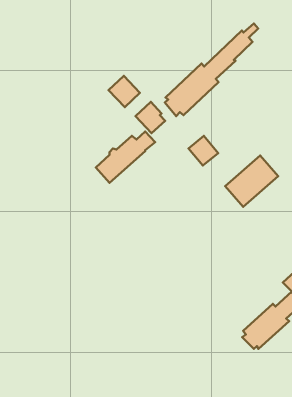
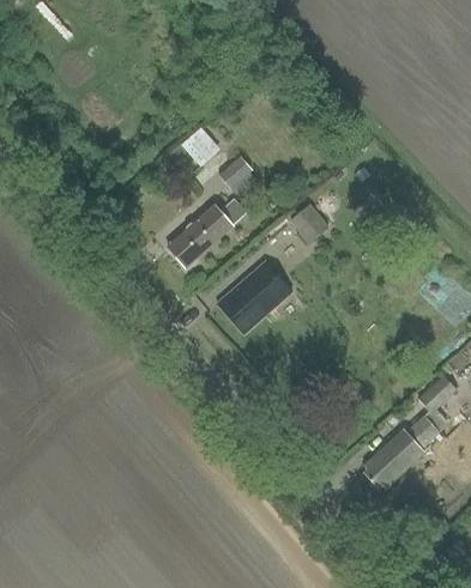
building: [165,23,258,116] -> none
building: [225,155,278,207] -> [221,265,291,333]

